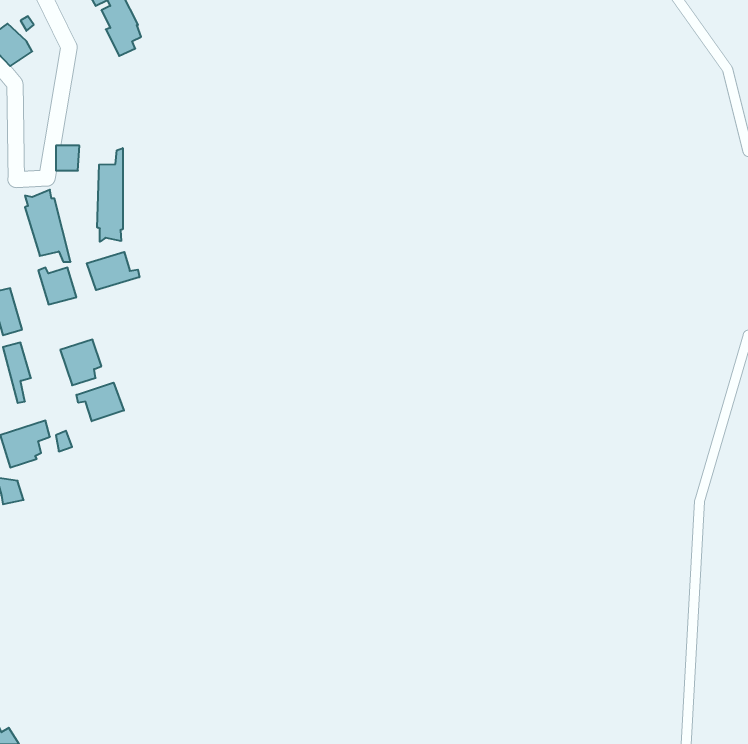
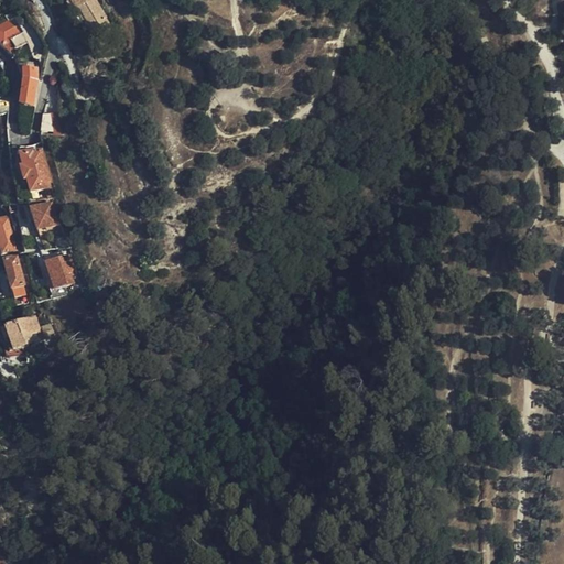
building: none -> [19,67,36,106]
building: [97,148,123,242] -> none
building: [87,252,139,290] -> none
building: [76,383,124,421] -> none

